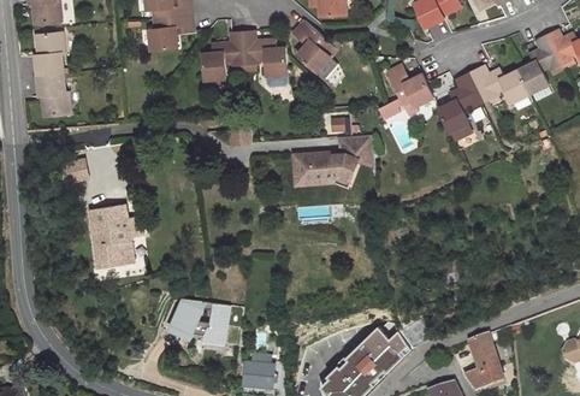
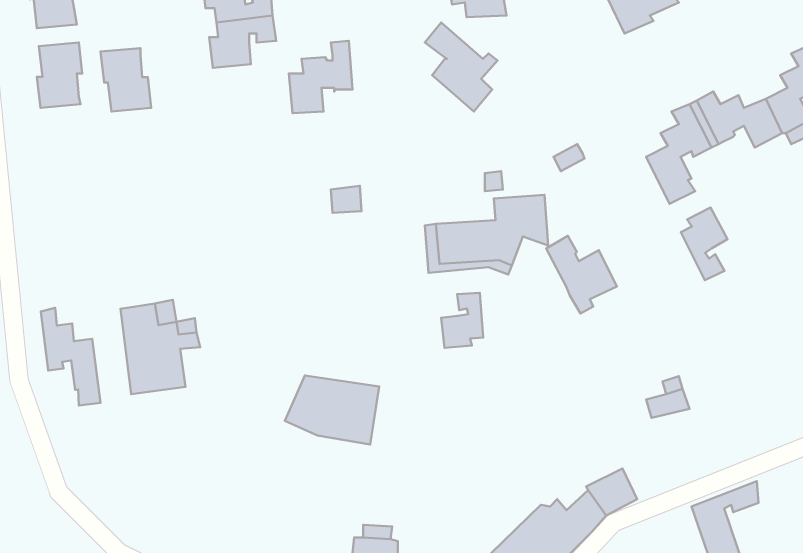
building: [241,30,286,87] -> none
building: [385,64,432,116] -> [546,236,617,314]
building: [36,73,70,116] -> [101,48,151,111]
building: none -> [681,207,728,280]
building: none -> [441,293,483,348]
building: none -> [41,308,100,405]
building: [170,299,232,344] -> [285,376,379,444]

